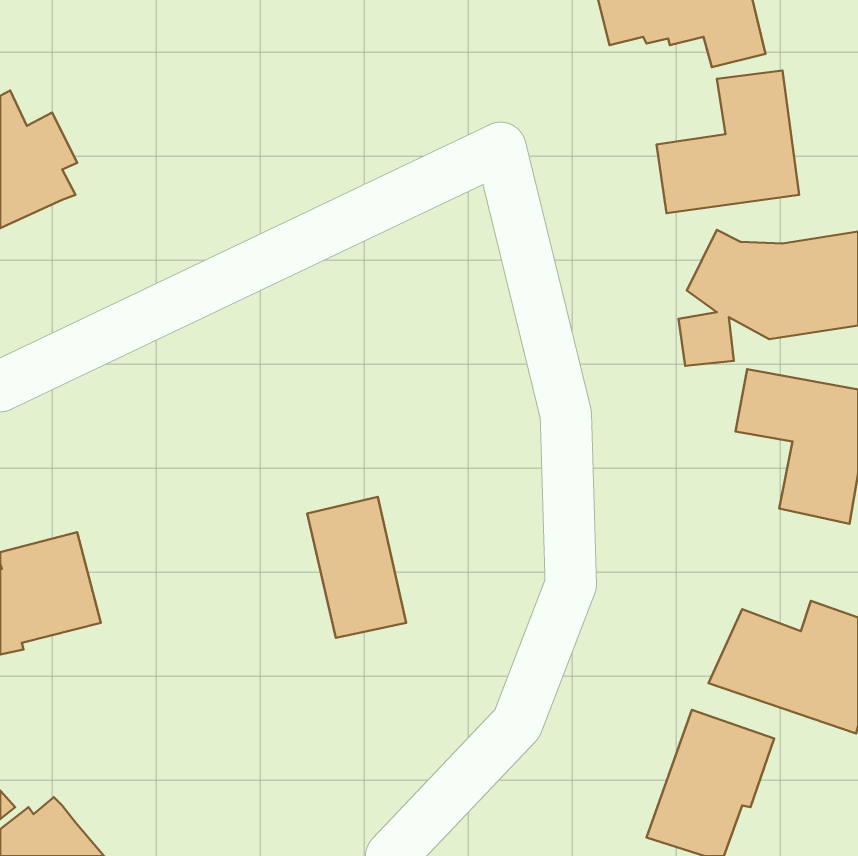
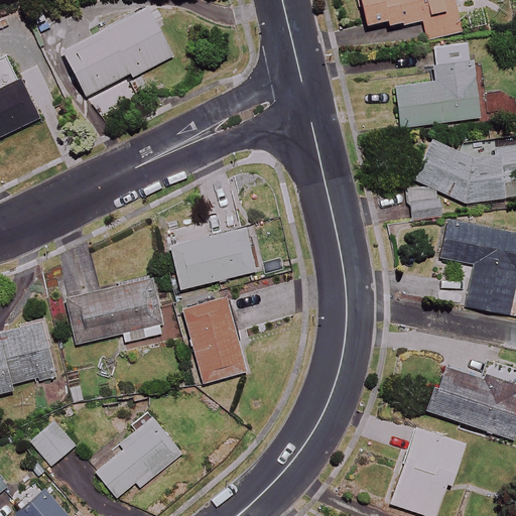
building: none -> [61,8,171,98]
building: none -> [169,228,255,289]
building: none -> [67,279,163,345]
building: none -> [95,411,181,499]
building: none -> [28,419,76,467]

